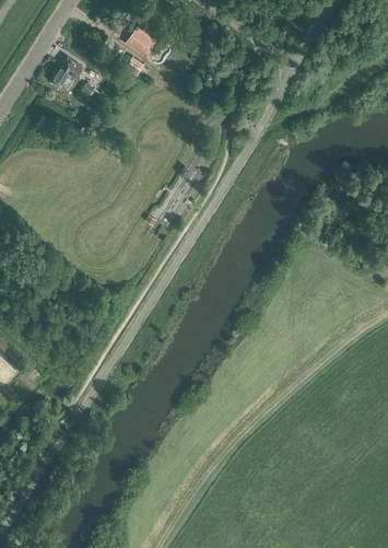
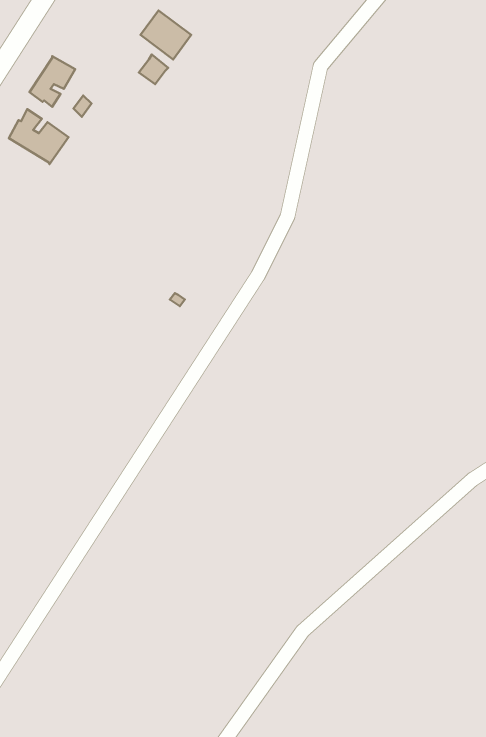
building: none -> [9,109,69,164]

